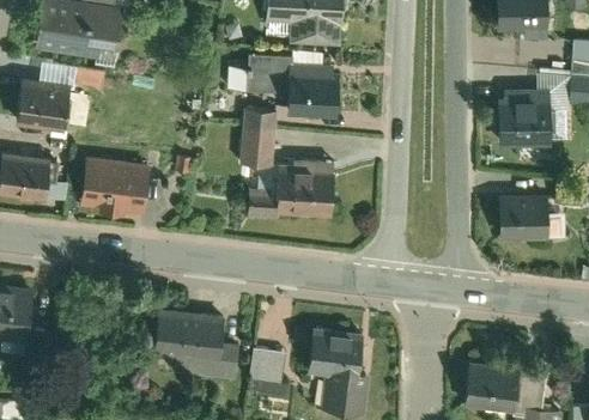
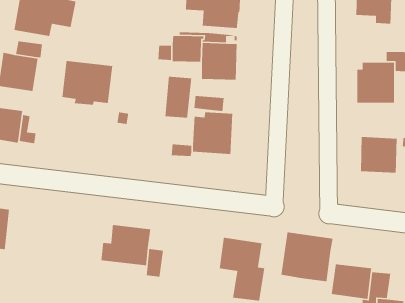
building: none -> [194,95,225,112]
building: [79,158,148,219] -> [61,60,113,106]
building: none -> [280,231,334,282]
building: [249,351,287,386] -> none

